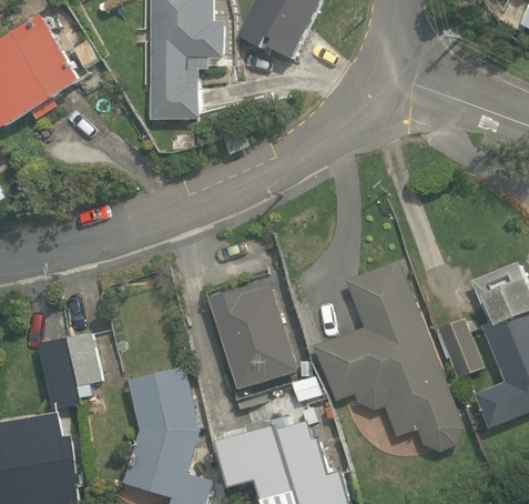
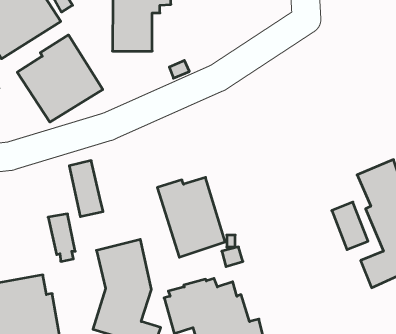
building: none -> [17,35,103,122]
building: [313,260,462,452] -> none
building: [35,337,80,411] -> [69,161,103,217]

